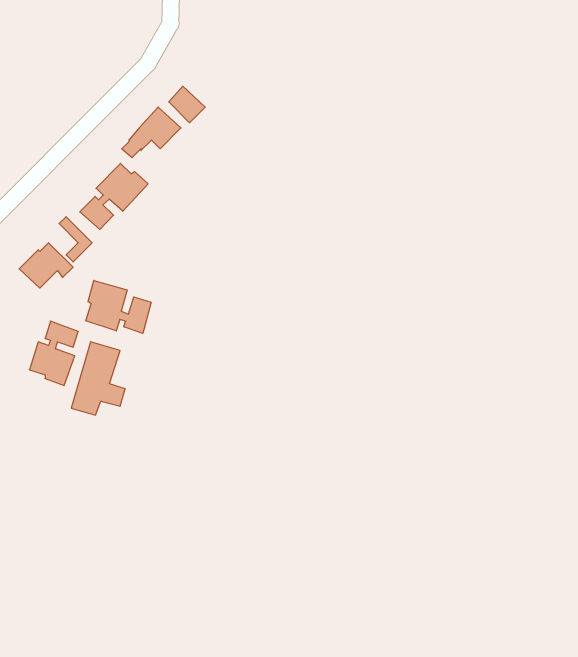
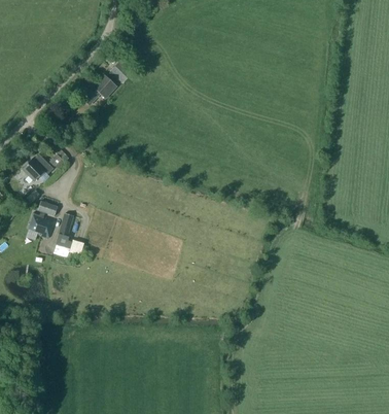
building: [80,163,148,229] -> none
building: [86,280,151,333] -> none

